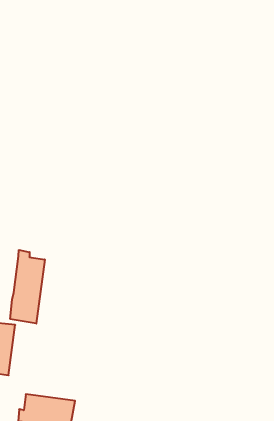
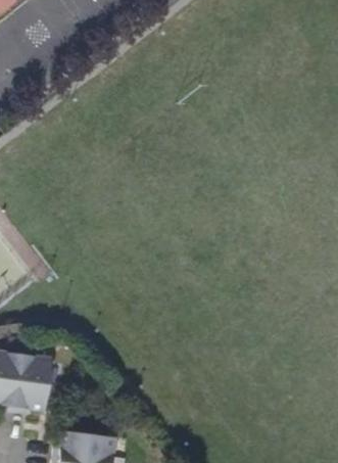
building: [10,250,45,324] -> none

